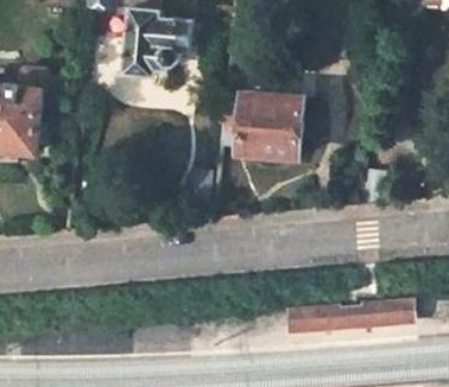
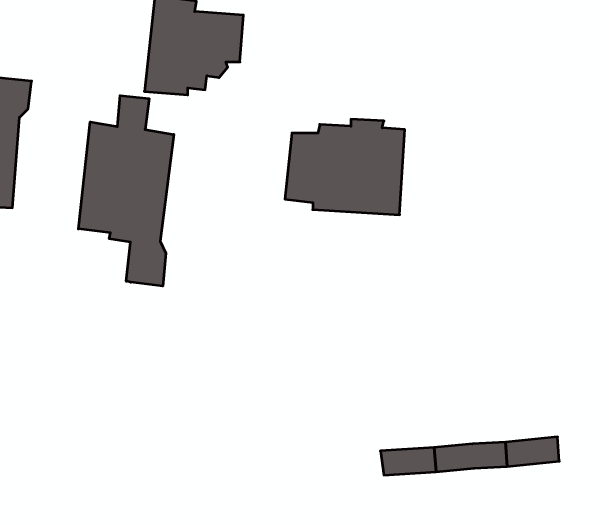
building: none -> [78,96,174,286]

